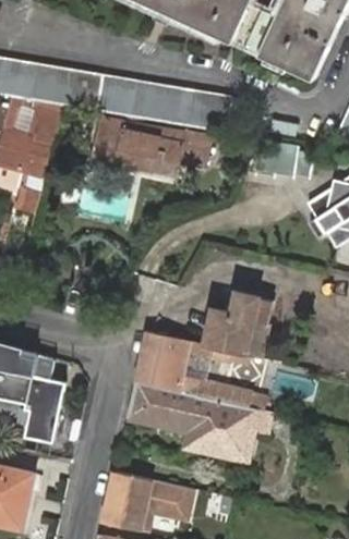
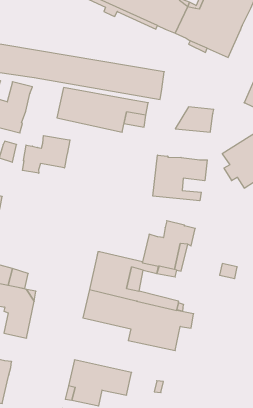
building: none -> [22,136,70,173]
building: none -> [153,155,207,201]

